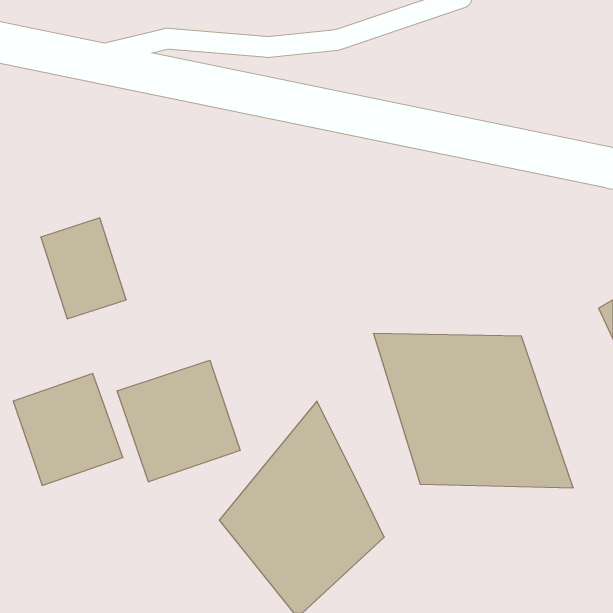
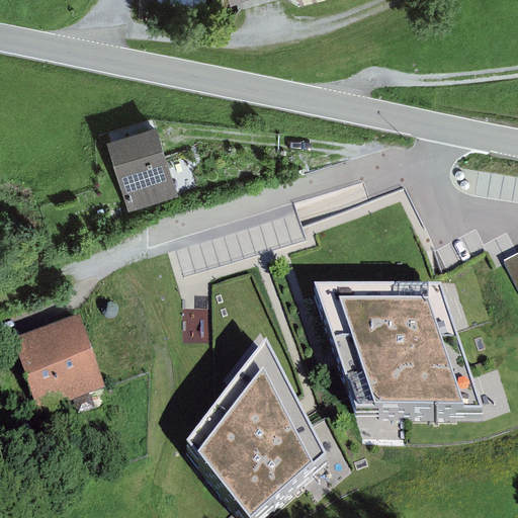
building: [41,218,126,319] -> [105,126,177,211]
building: [117,360,240,482] -> none

